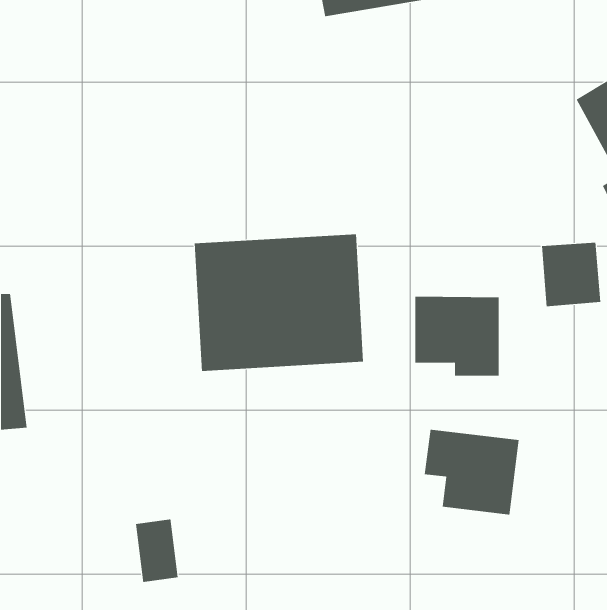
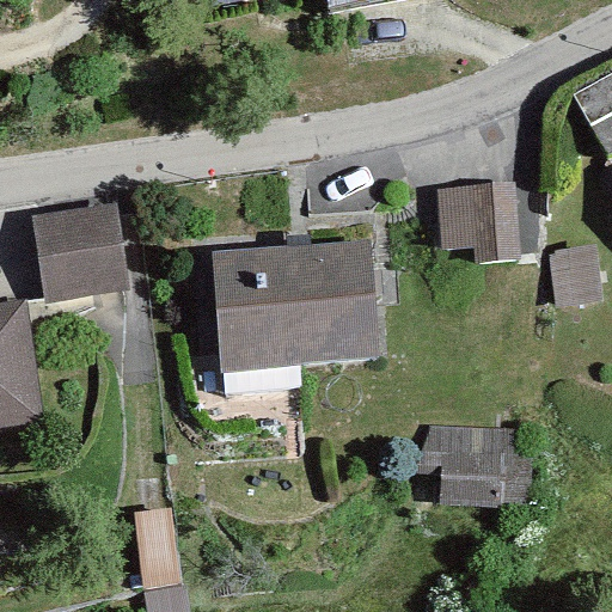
building: none -> [37,203,136,312]
building: [414,296,499,376] -> [427,180,512,261]

